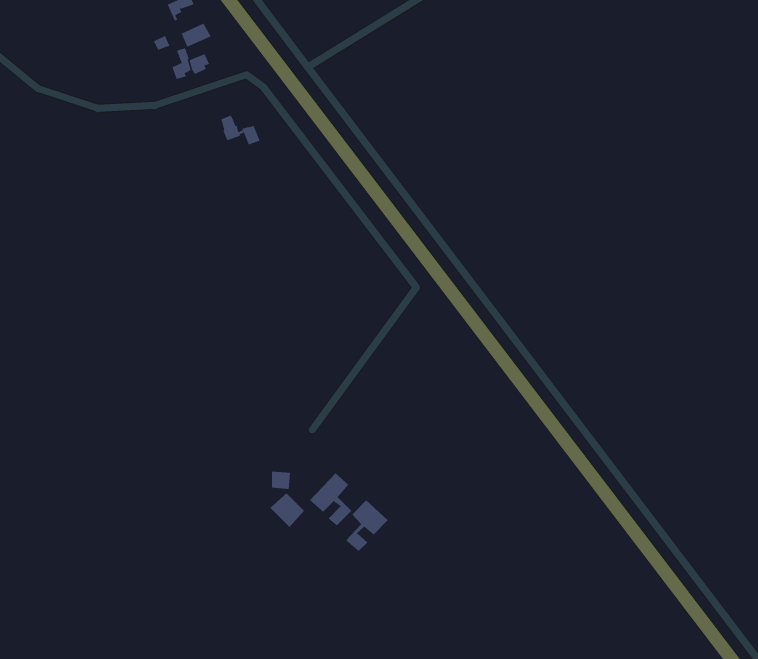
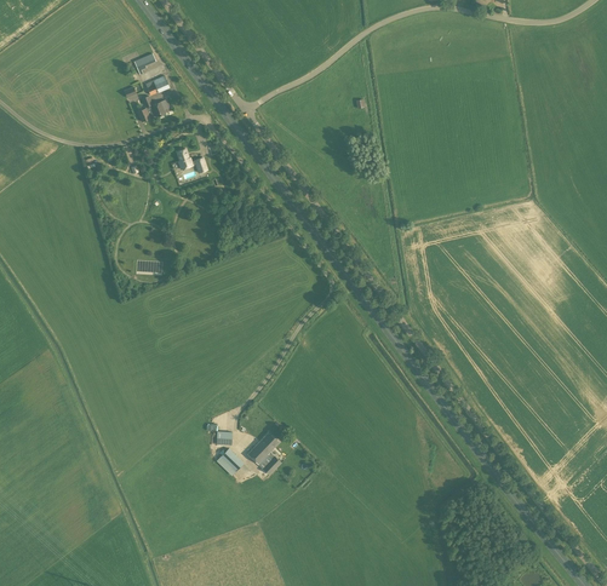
building: [345,499,388,552] -> none

